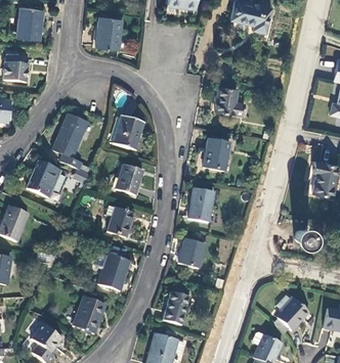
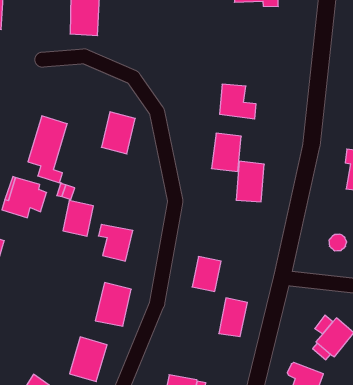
building: [116,164,142,194] -> [63,200,93,236]
building: [188,187,214,222] -> [236,161,264,202]
building: [164,291,189,324] -> [219,298,247,337]

